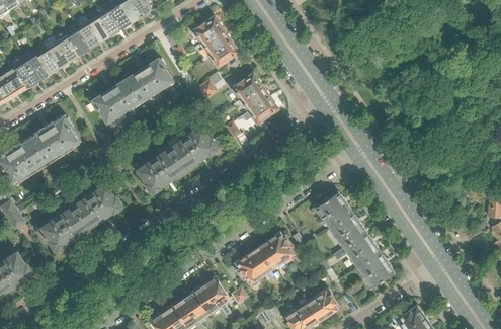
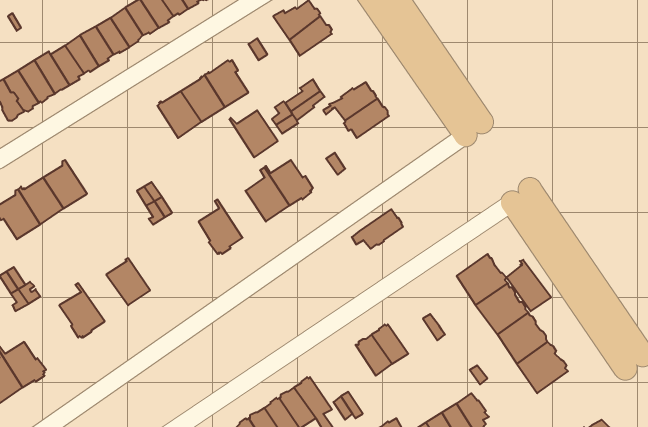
building: [207,40,238,73] -> none
building: [92,90,123,122] -> none
building: [242,97,277,125] -> [352,209,403,249]
building: [46,118,77,151] -> none
building: [151,149,184,181] -> [229,110,278,157]
building: [89,185,120,218] -> none
building: none -> [506,260,551,311]
building: [55,207,89,239] -> none
building: [268,233,295,261] -> none
building: [235,255,260,284] -> none

